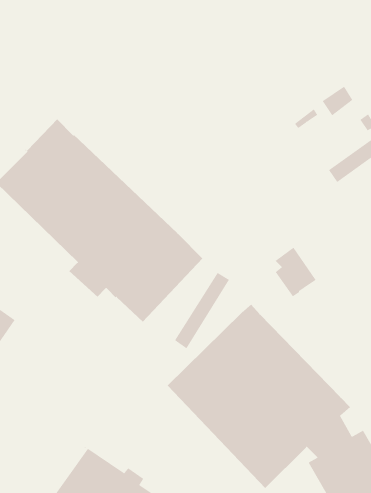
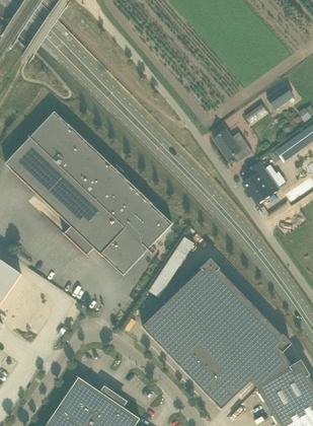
building: none -> [214,130,252,161]
building: [275,247,316,297] -> [244,162,278,203]

